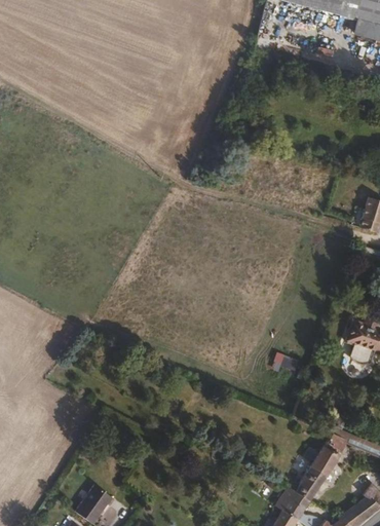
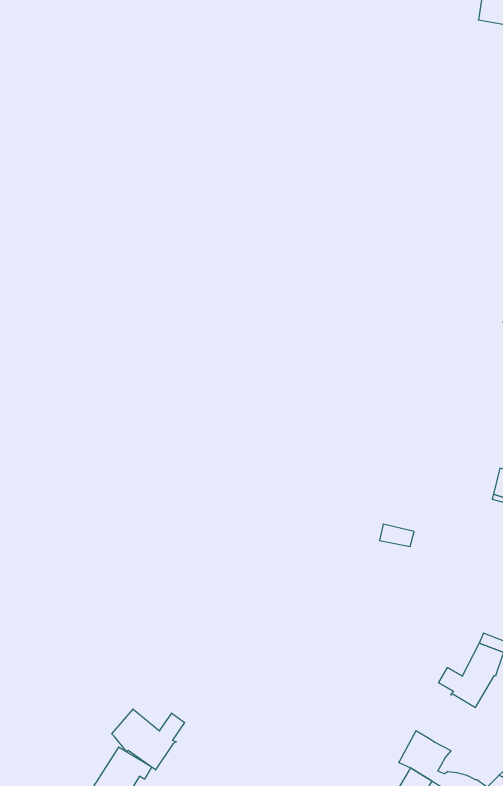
building: none -> [112,709,185,770]
building: [295,464,327,500] -> none

